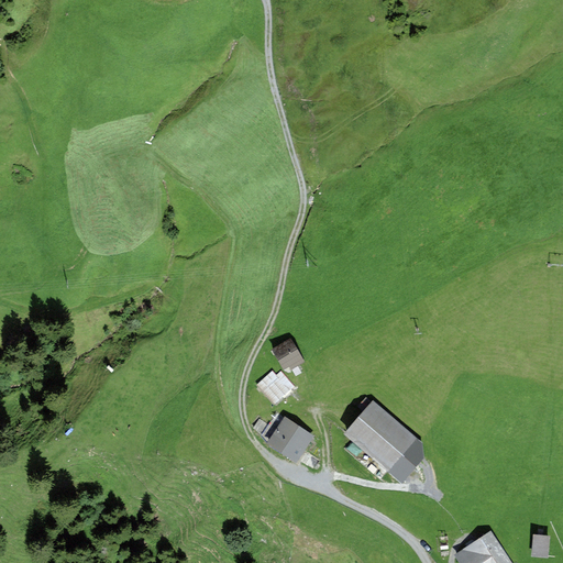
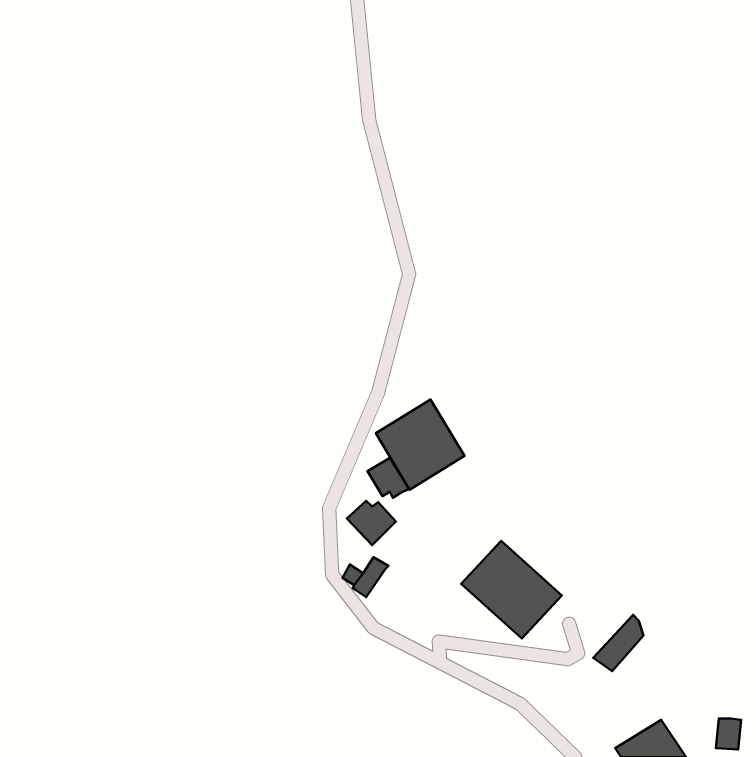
building: none -> [376,399,465,490]
building: [273,422,310,459] -> none
building: [388,442,426,484] -> [593,615,643,671]

